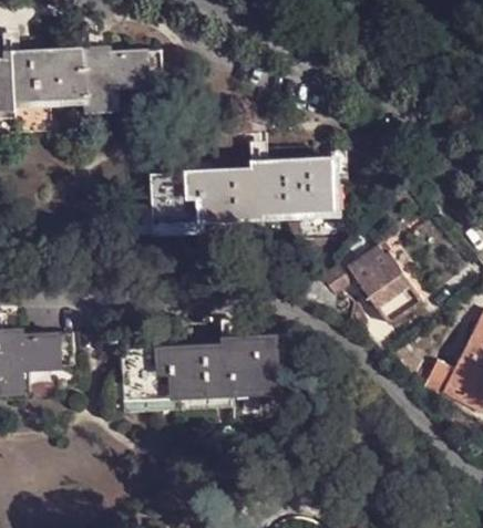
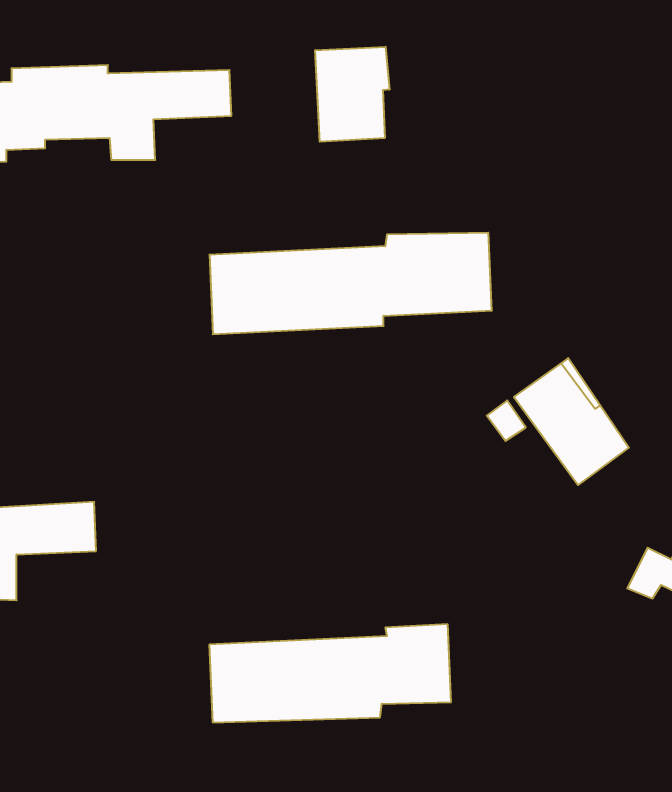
building: none -> [315,47,390,142]
building: [121,335,279,400] -> [209,624,451,722]

